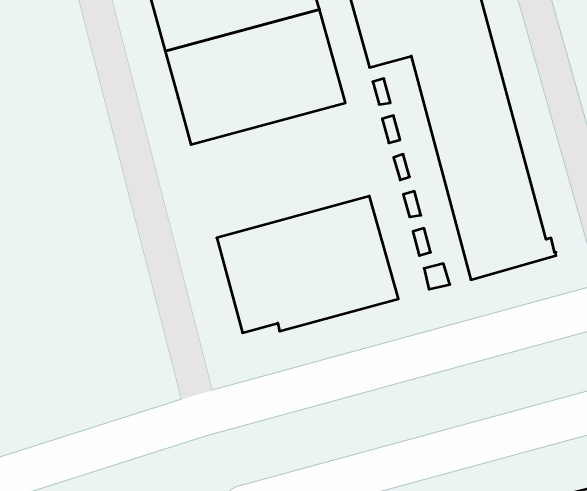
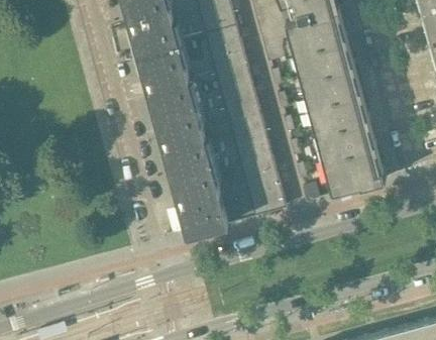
building: none -> [154,88,266,173]

